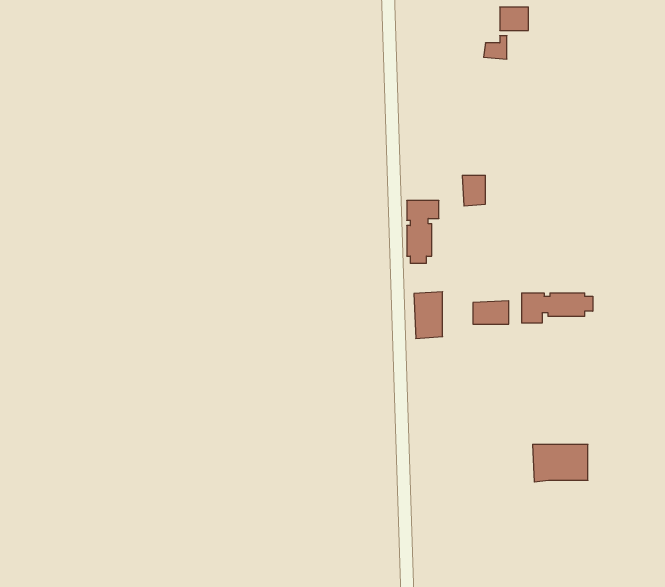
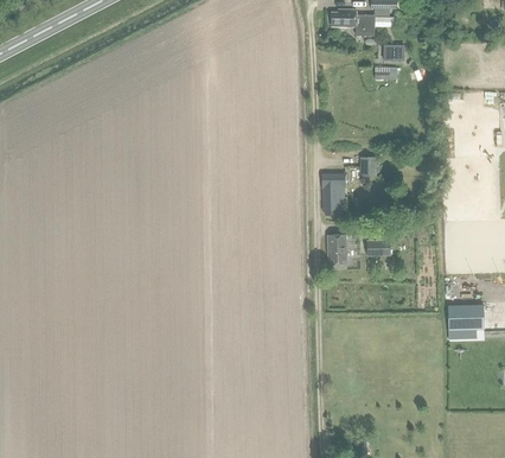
building: [522,293,593,323] -> none
building: [533,444,588,482] -> [447,305,484,330]

